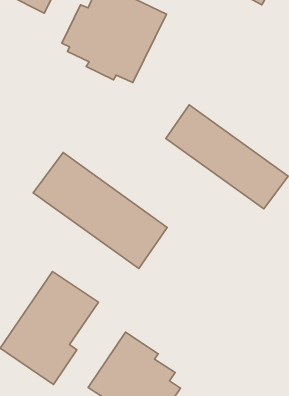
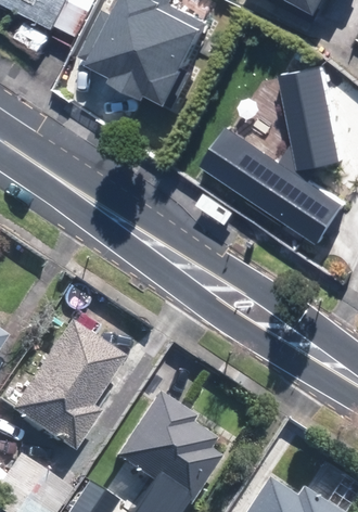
building: none -> [283,68,337,169]
building: [33,152,167,269] -> none

